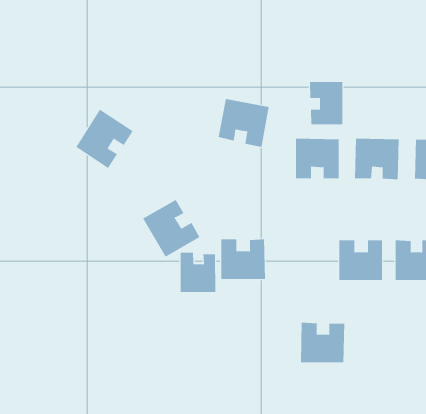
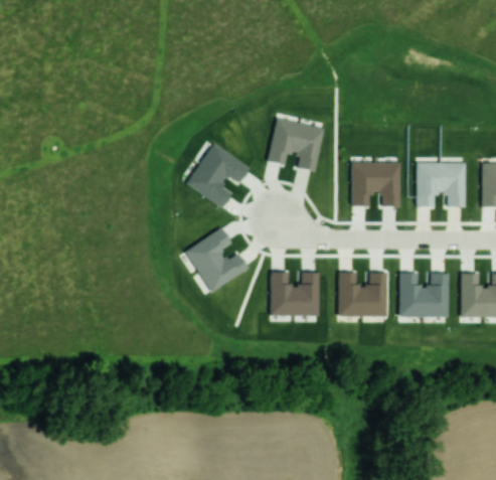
building: [310,81,343,125] -> none
building: [75,109,133,169] -> [186,142,250,207]
building: [180,252,216,293] -> none
building: [300,322,345,363] -> [338,271,387,315]

